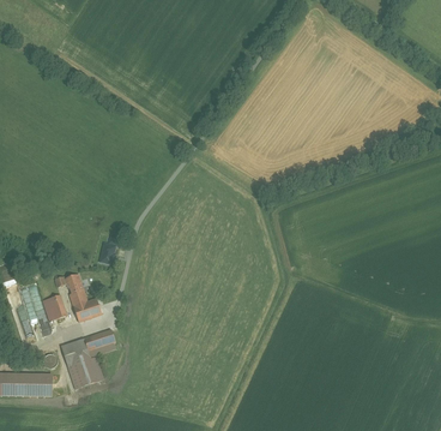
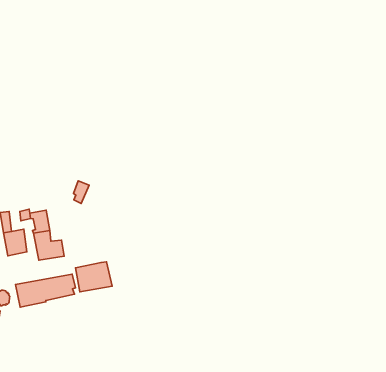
building: [67,357,103,388] -> [75,262,112,292]

